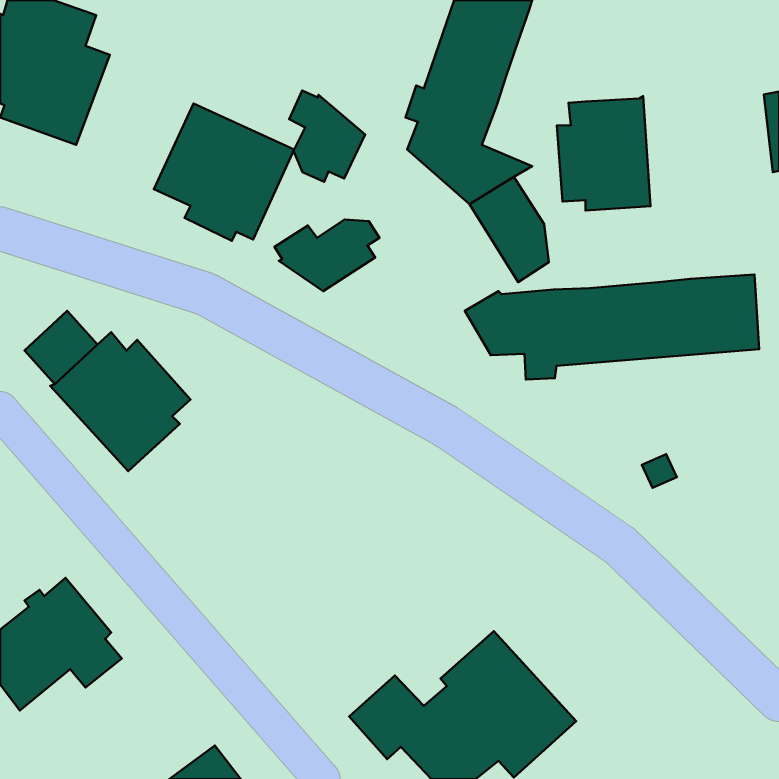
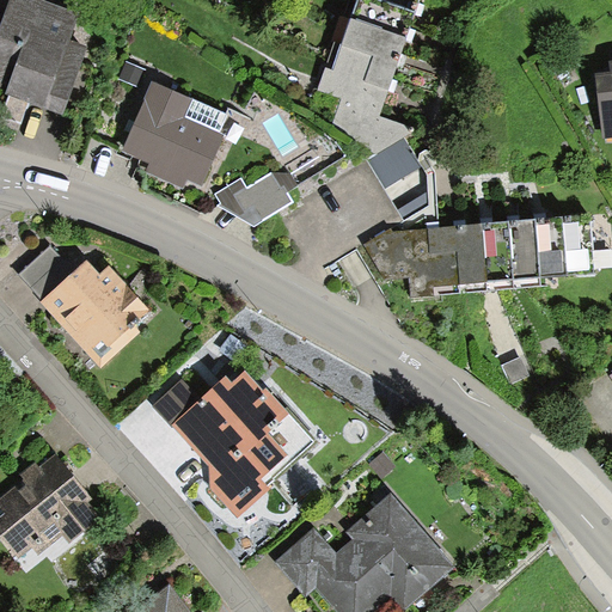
building: [289,91,365,182] -> none
building: [557,96,650,210] -> none
building: none -> [153,371,316,519]

